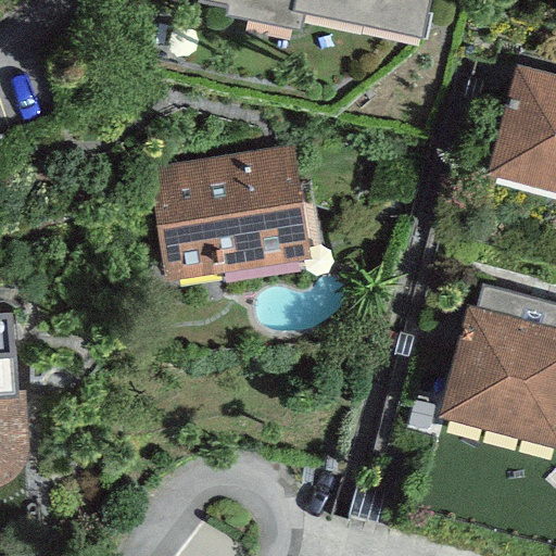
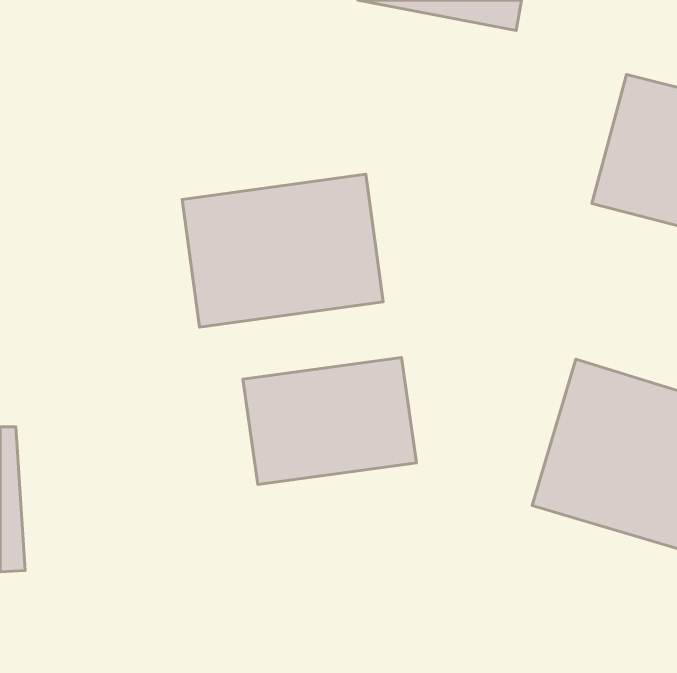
building: none -> [243,357,416,485]

